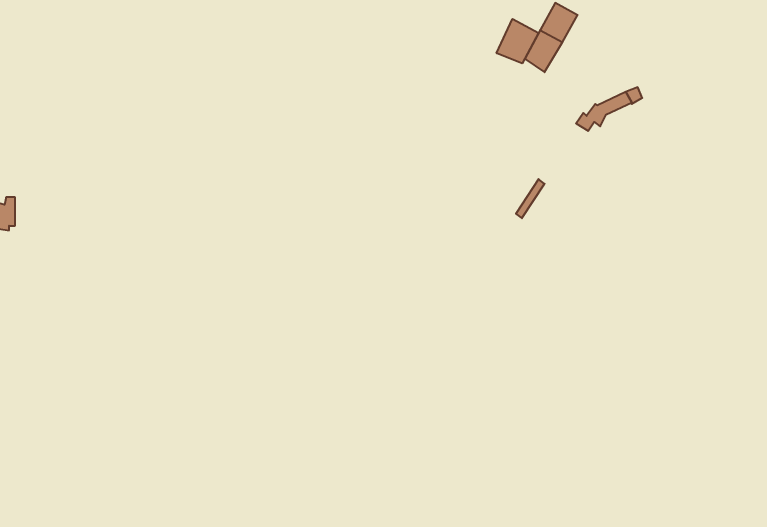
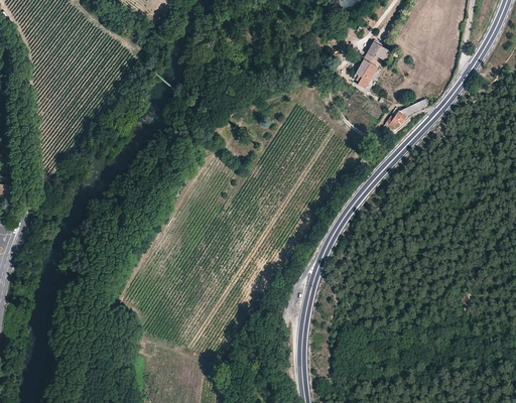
building: [497,19,539,63] -> none

